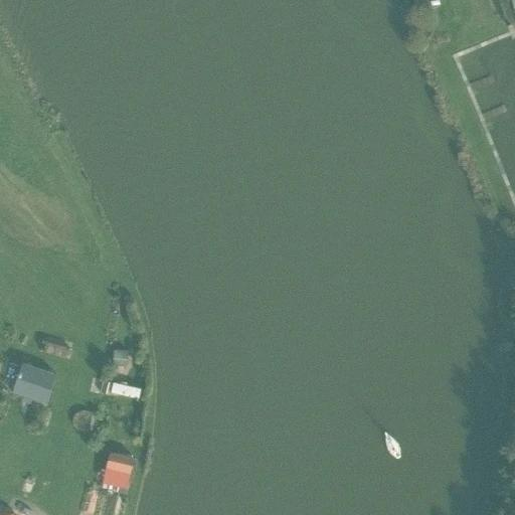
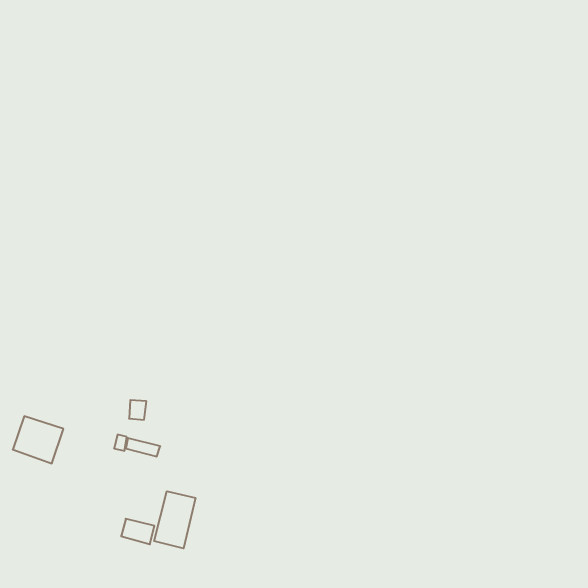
building: none -> [154,491,195,548]

